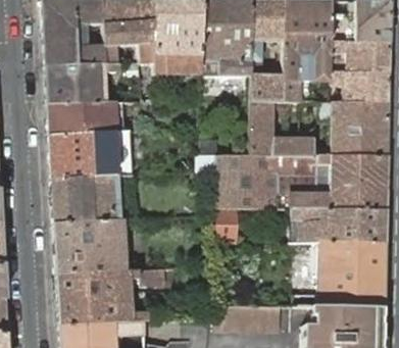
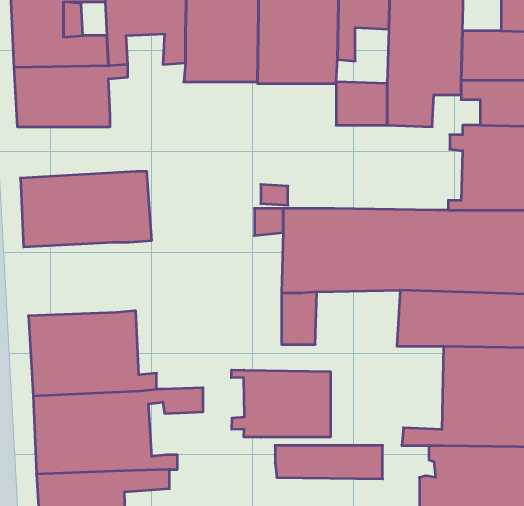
building: [48,101,123,135] -> none
building: [250,101,315,155] -> none
building: [52,176,122,222] -> none
building: none -> [231,370,330,437]

